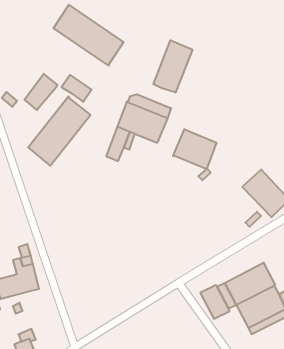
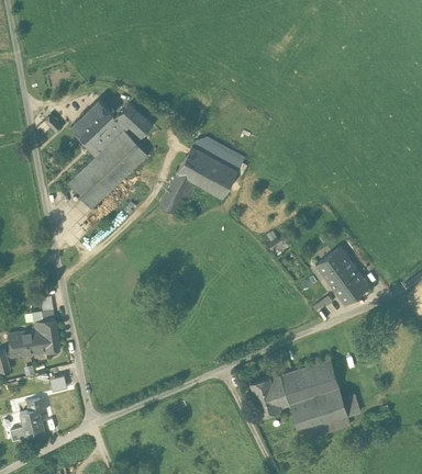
building: [54,5,124,66] -> none
building: [153,40,192,93] -> none
building: none -> [87,116,130,153]
building: [173,129,217,169] -> none

